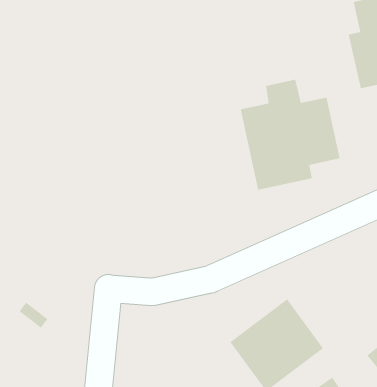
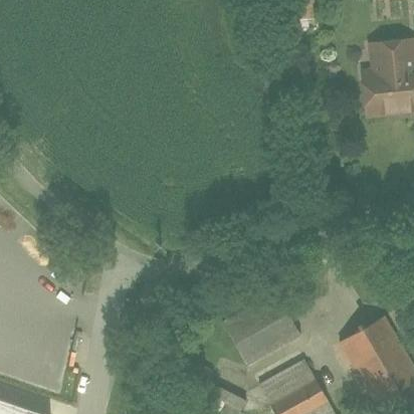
building: [240,79,340,190] -> none

